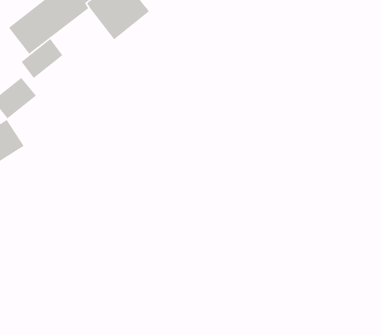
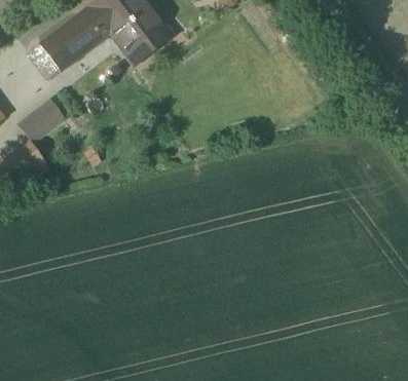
building: [21,38,63,79] -> none

